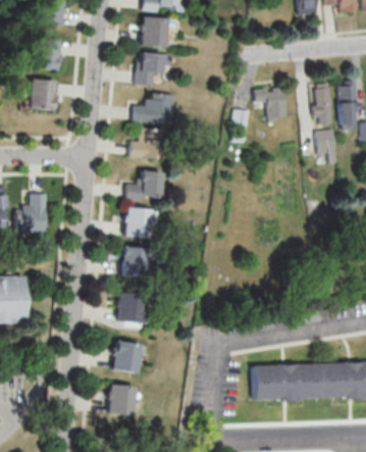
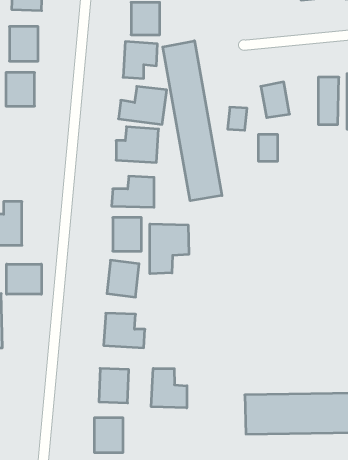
building: none -> [163,41,222,201]
building: [314,130,331,153] -> [258,135,278,161]
building: none -> [150,224,189,274]
building: none -> [7,264,41,294]
building: none -> [151,368,187,408]

